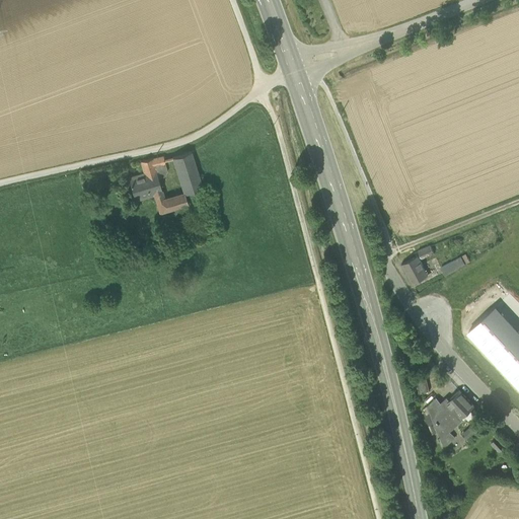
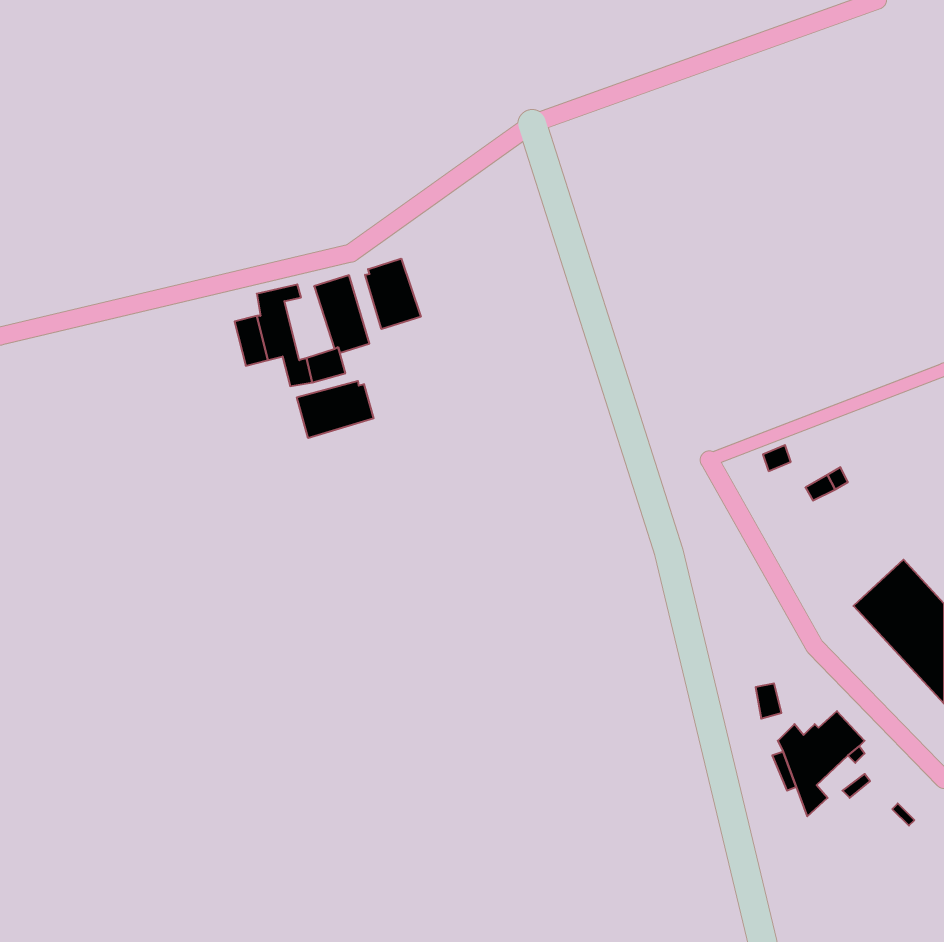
building: none -> [365,259,421,329]
building: none -> [297,381,374,438]
building: [401,256,428,285] -> none

